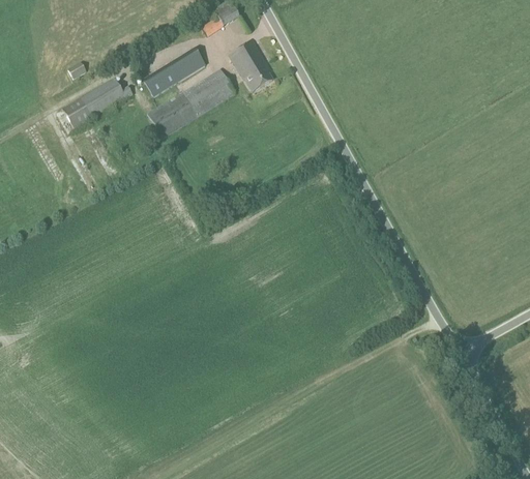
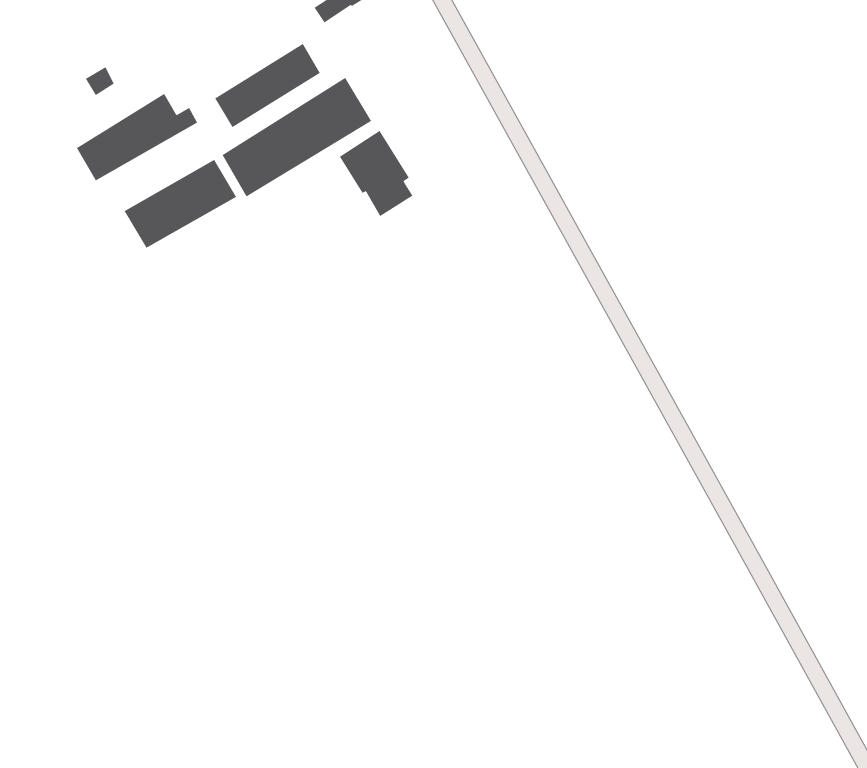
building: [230,40,273,91] -> [339,130,414,217]
building: none -> [124,159,237,249]

